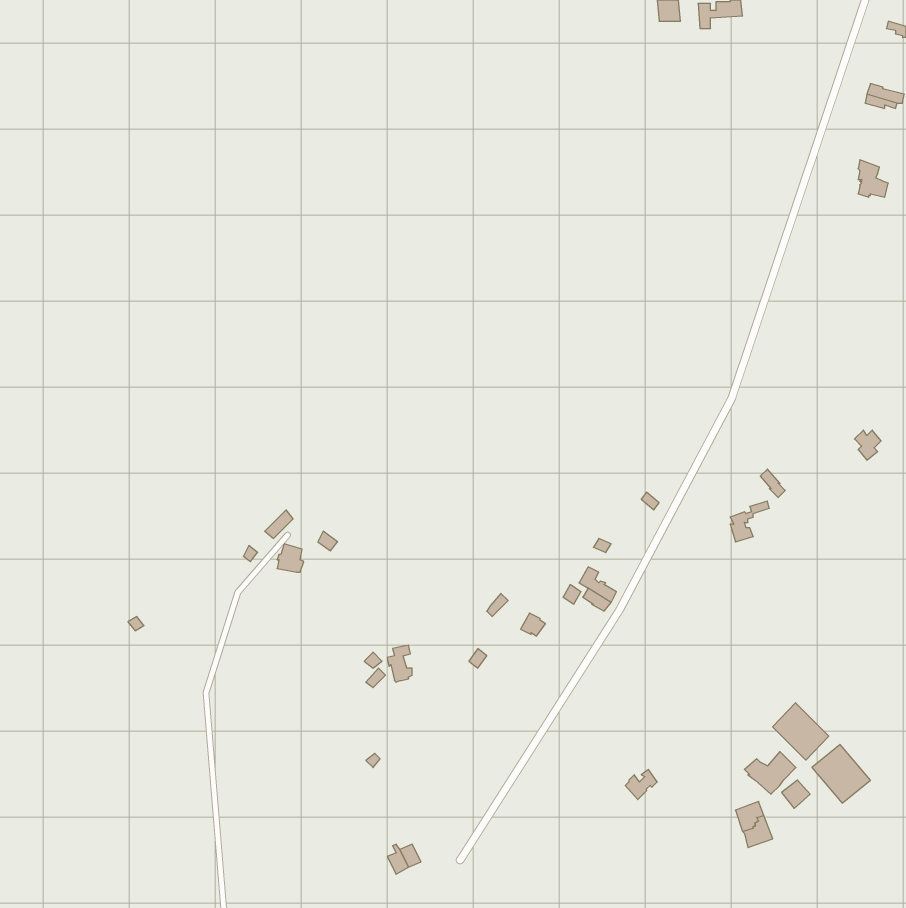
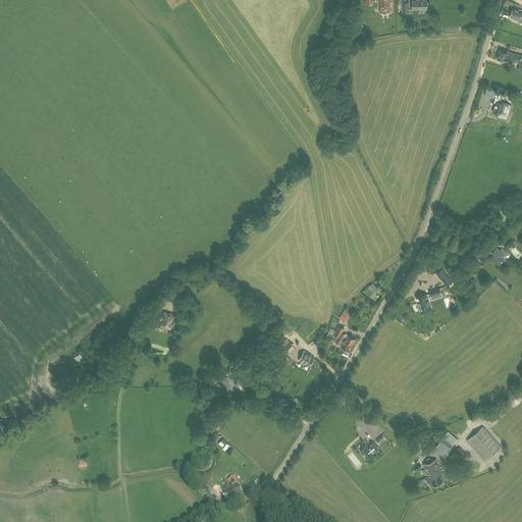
building: [773,703,829,760] -> none

